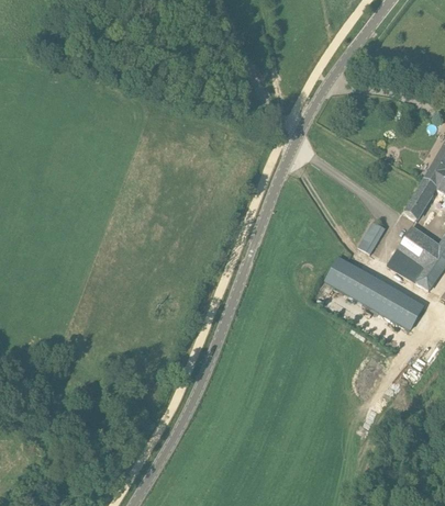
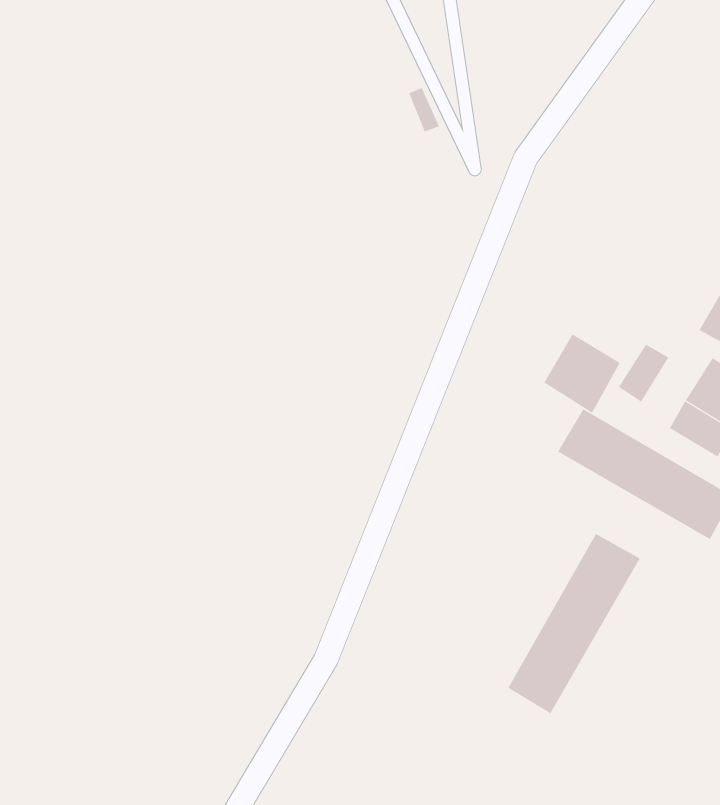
building: none -> [543,333,621,414]
building: none -> [508,533,640,714]

